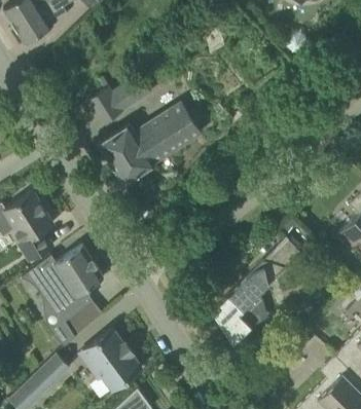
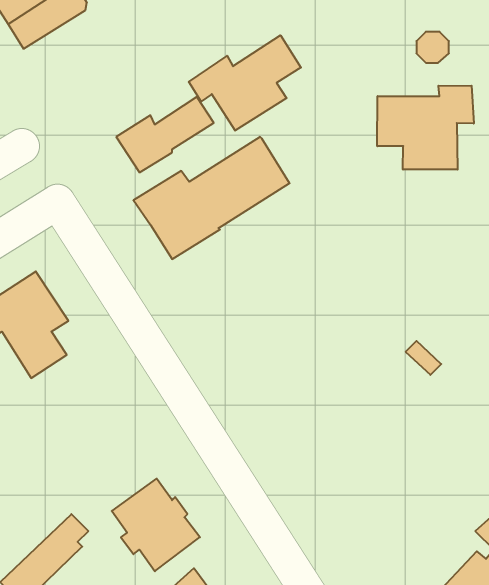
building: none -> [189,35,301,131]
building: none -> [377,86,474,170]
building: [28,246,103,340] -> none
building: [211,262,286,346] -> none

